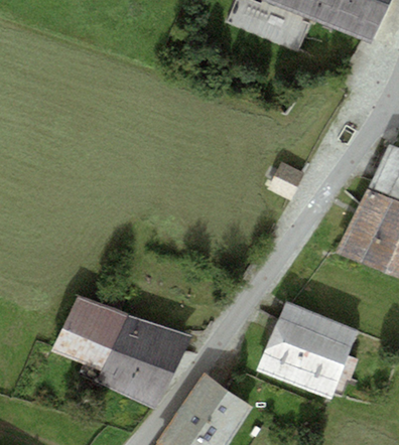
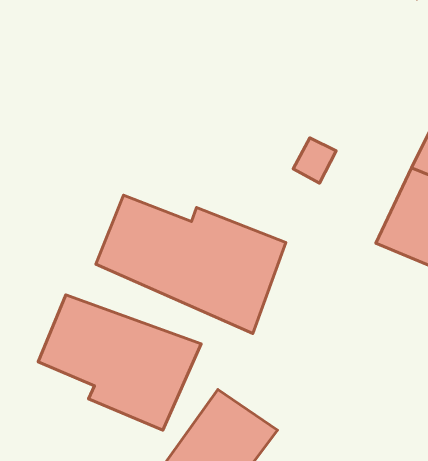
building: none -> [96,195,286,333]
building: [259,301,359,399] -> none

